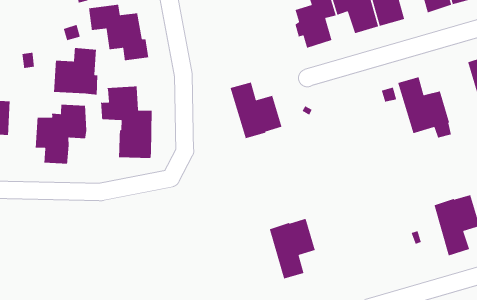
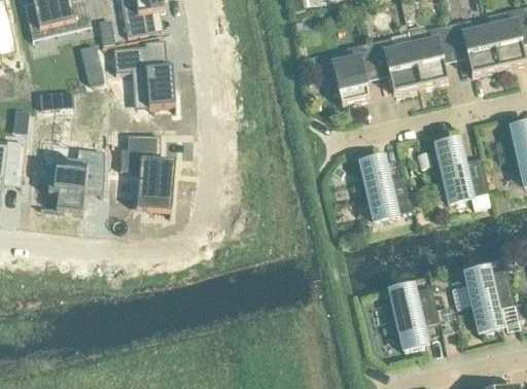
building: [53,47,98,95] -> none
building: [230,81,282,139] -> [359,157,413,218]
building: [269,218,316,280] -> [390,285,438,349]

